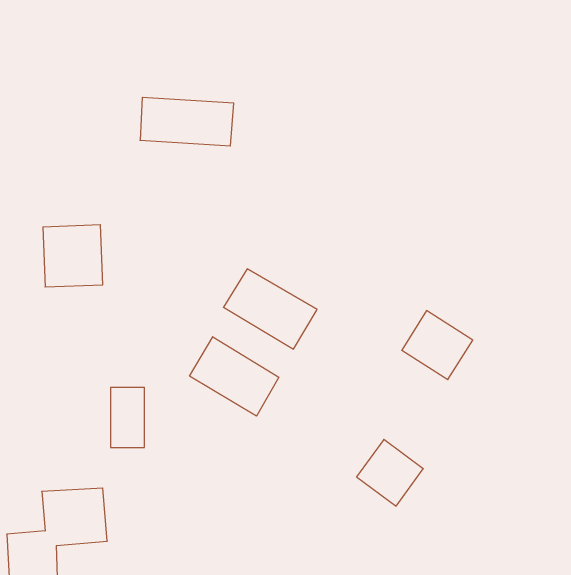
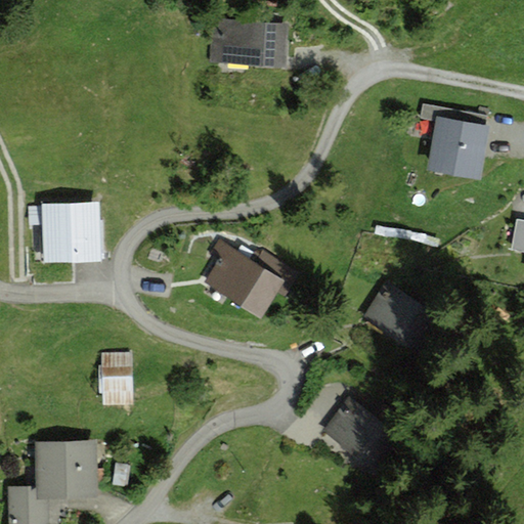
building: [140,97,234,146] -> [211,18,296,62]
building: none -> [431,117,493,176]
building: [190,337,279,416] -> none

